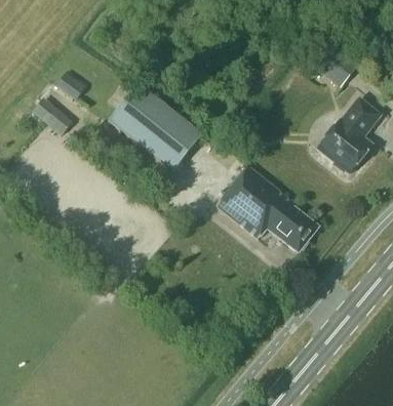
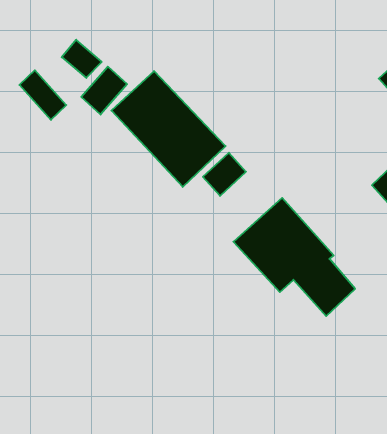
building: none -> [81,67,127,115]
building: none -> [203,153,246,196]

